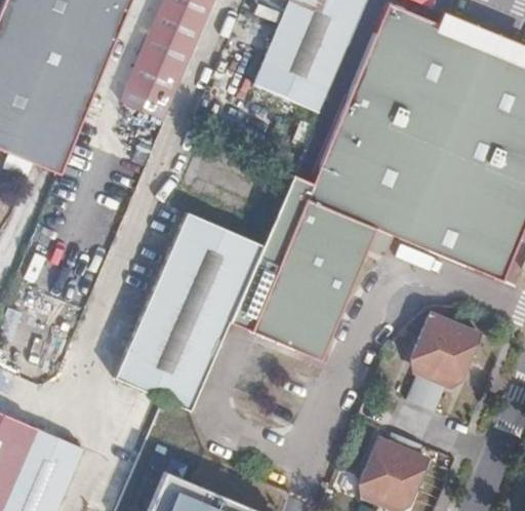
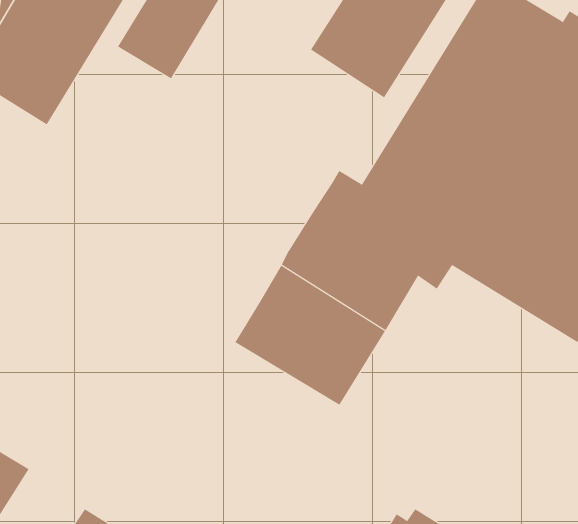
building: [117,210,261,408] -> none
building: [407,314,481,411] -> none

